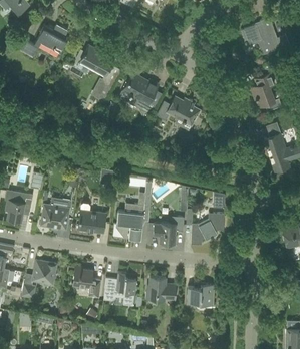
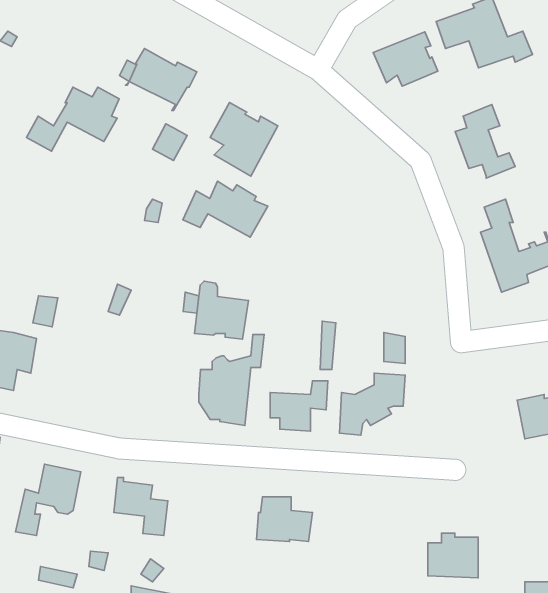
building: [20,24,68,57] -> [27,87,119,151]
building: none -> [373,32,438,86]
building: [157,96,201,125] -> [183,181,268,237]
building: [40,197,71,230] -> none
building: [78,203,106,233] -> [194,281,248,339]
building: [104,272,136,306] -> none
building: [188,282,214,305] -> [428,533,478,578]

